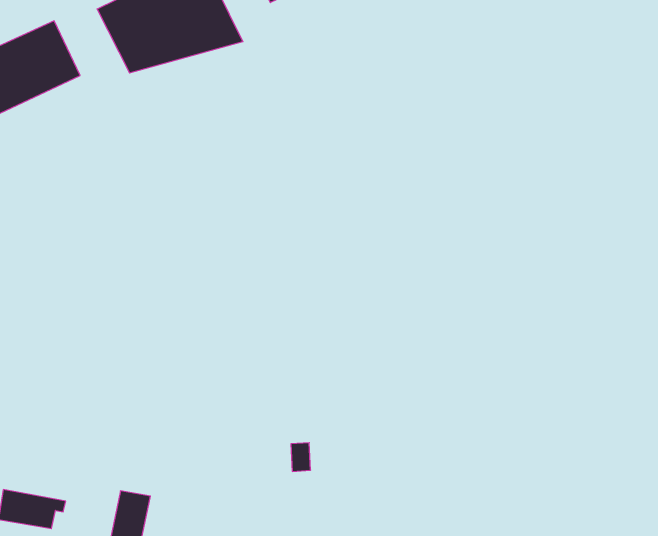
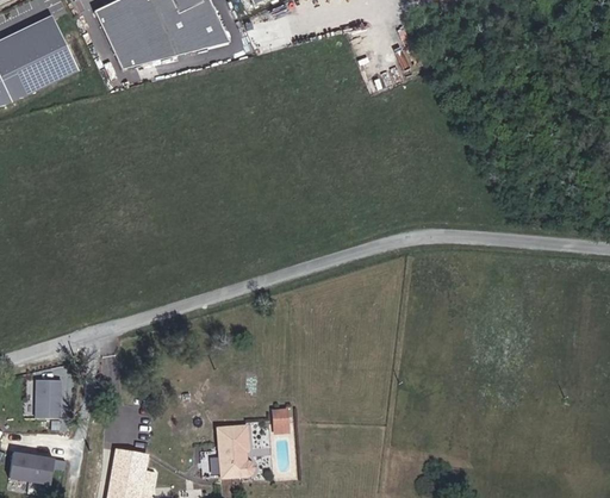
building: none -> [33,378,61,417]
building: none -> [216,427,259,475]

